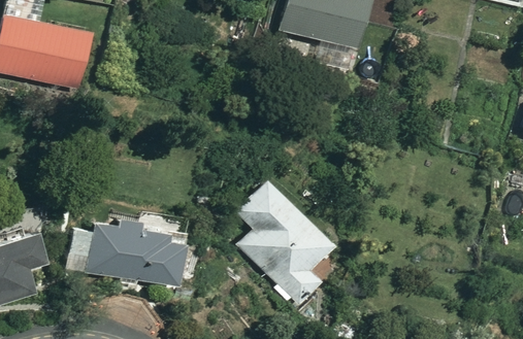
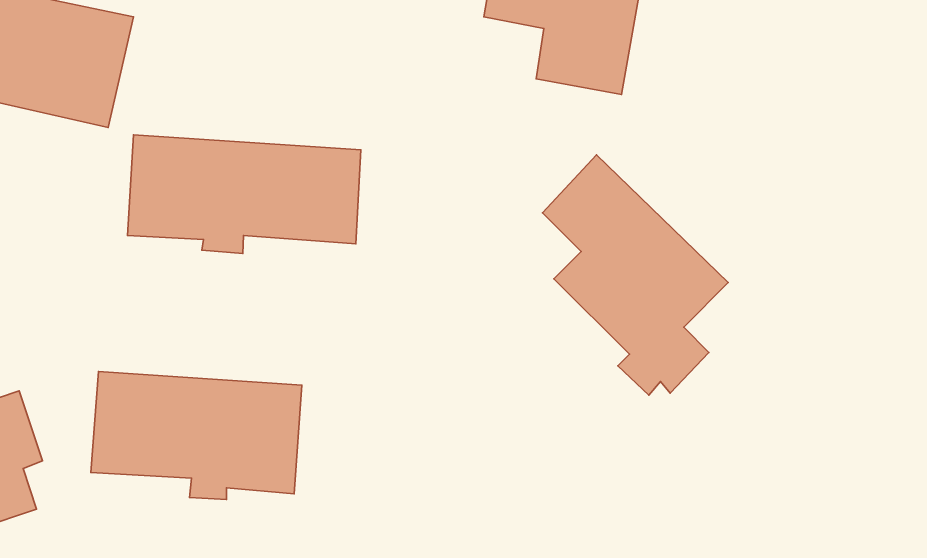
building: none -> [127,135,361,253]
building: [236,178,335,306] -> [542,155,728,395]

